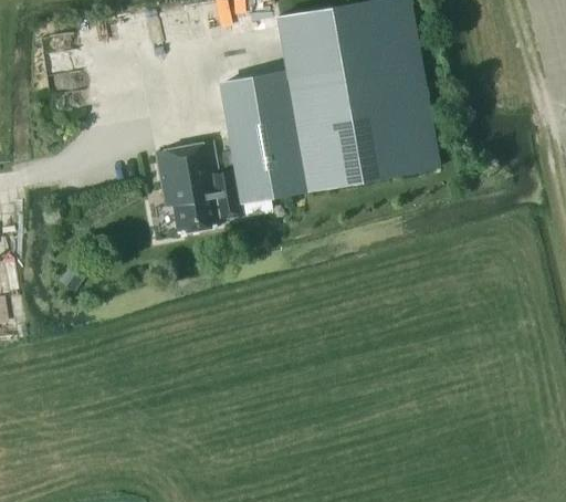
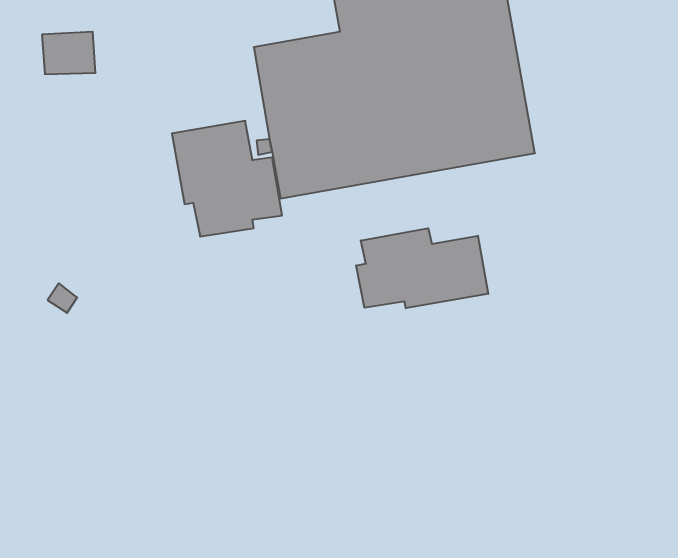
building: none -> [356,228,488,308]

